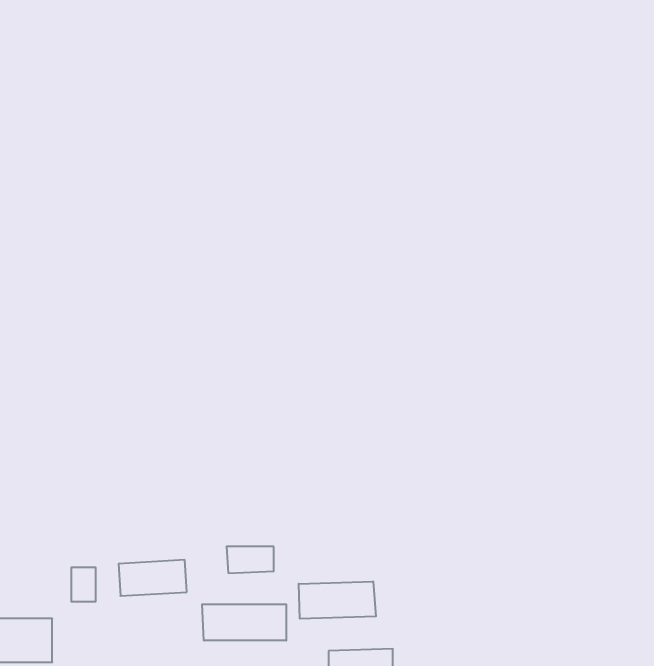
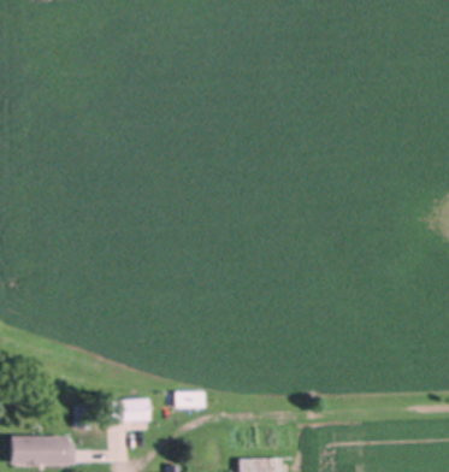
building: [299,581,376,619] -> none
building: [202,604,286,641] -> none

